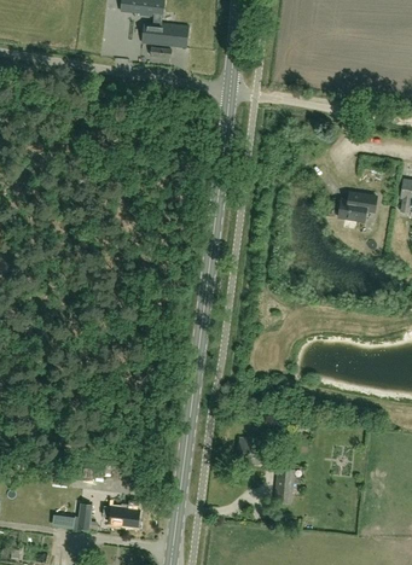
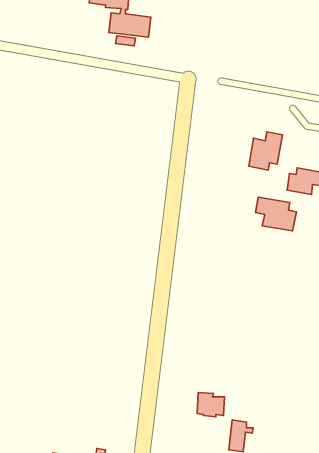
building: none -> [249,132,282,170]
building: none -> [255,197,297,231]

